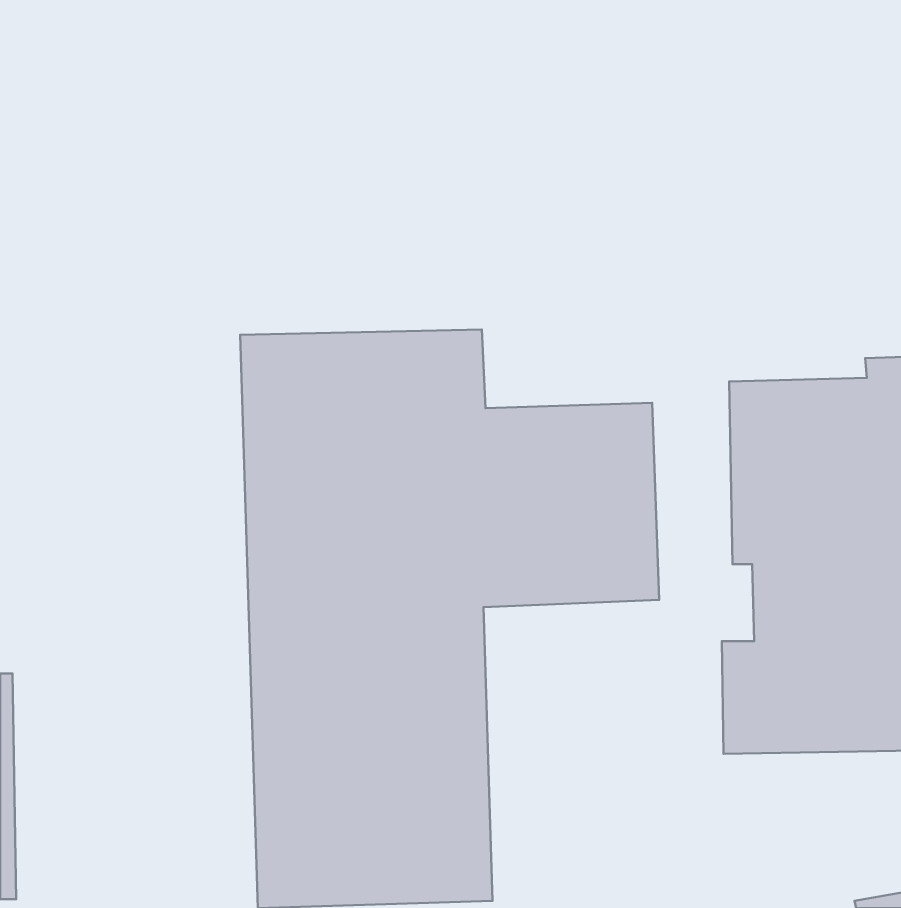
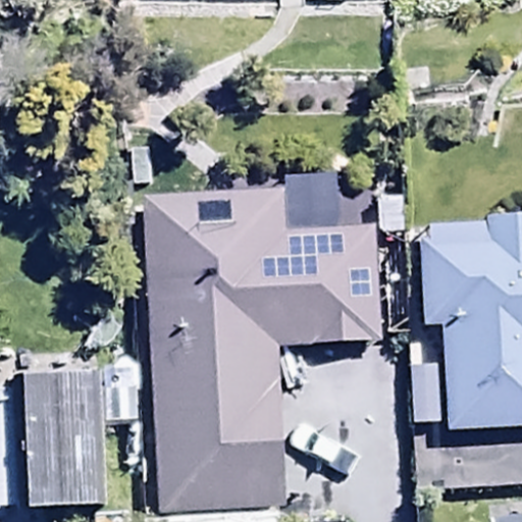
building: none -> [23,372,105,499]

